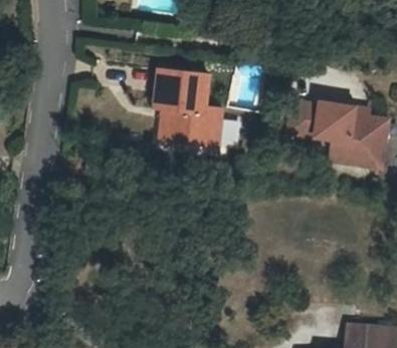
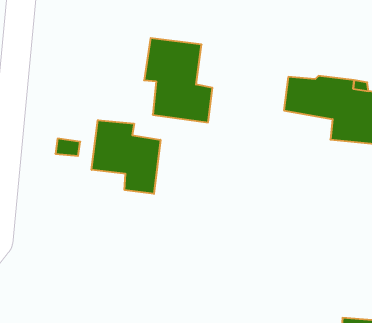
building: none -> [92,120,160,194]

